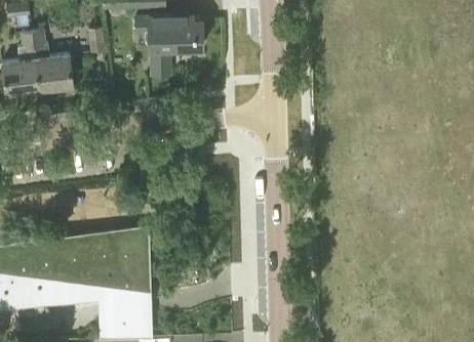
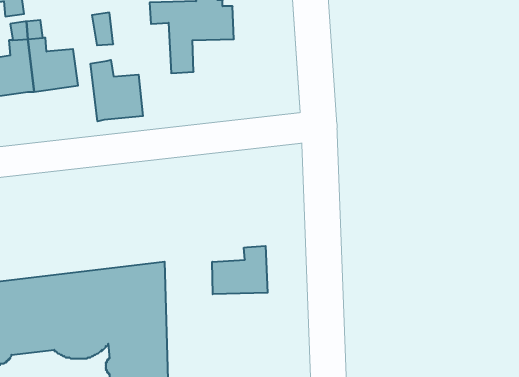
building: none -> [91,60,143,121]
building: none -> [212,246,268,294]

